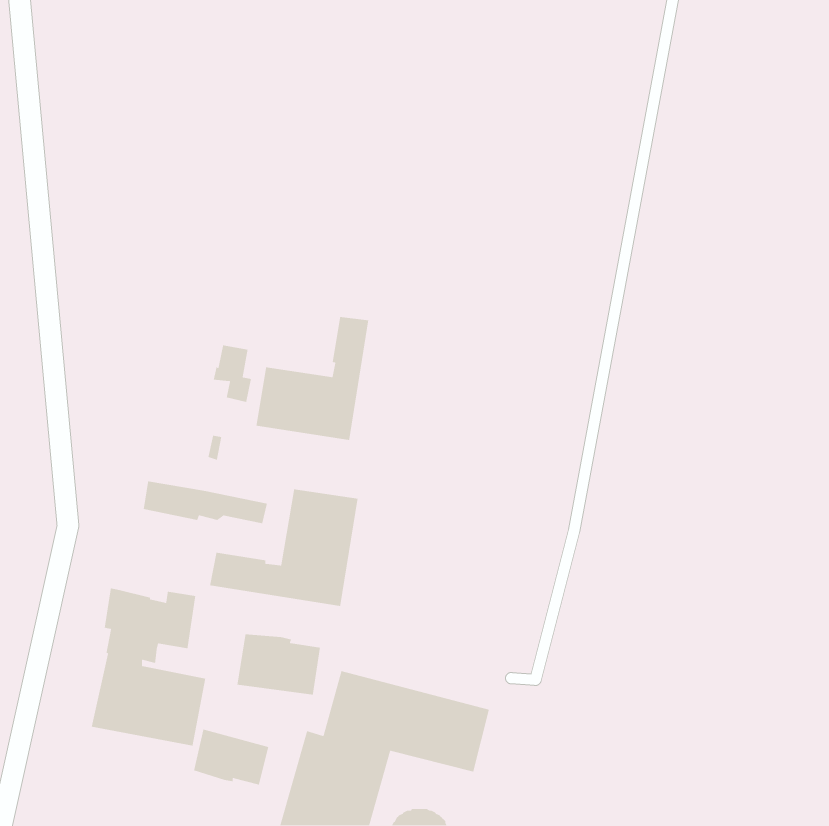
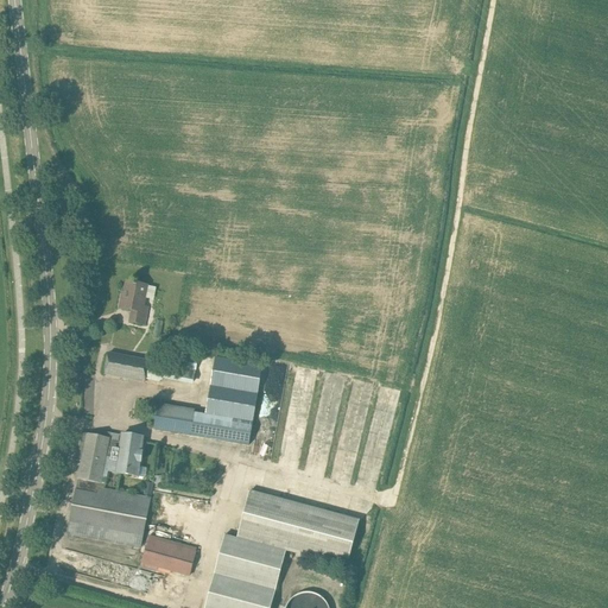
building: [255,316,369,441] -> none
building: [213,344,252,403] -> [120,280,148,323]
building: [236,633,321,695] -> none

